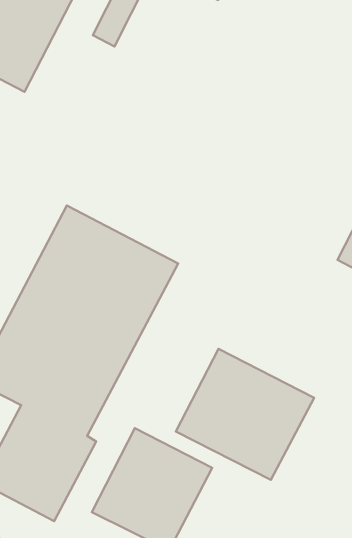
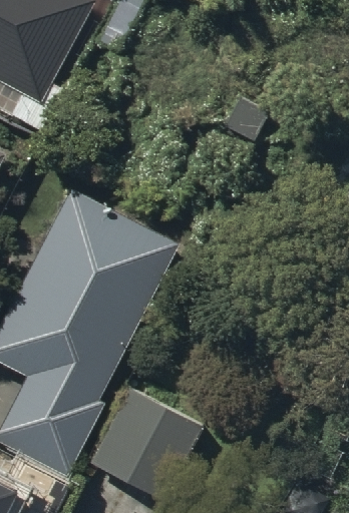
building: [176,349,314,480] -> none

